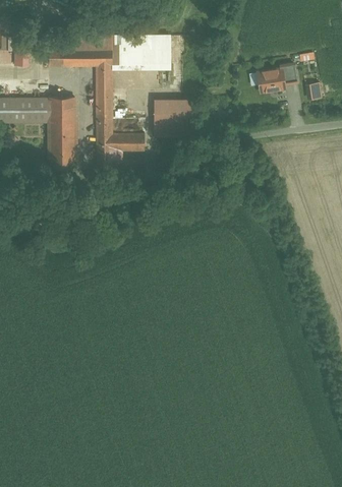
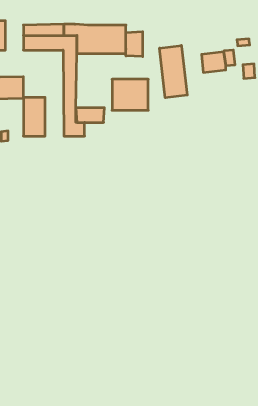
building: none -> [126,32,143,57]
building: none -> [160,45,187,98]
building: [49,97,74,121] -> none

